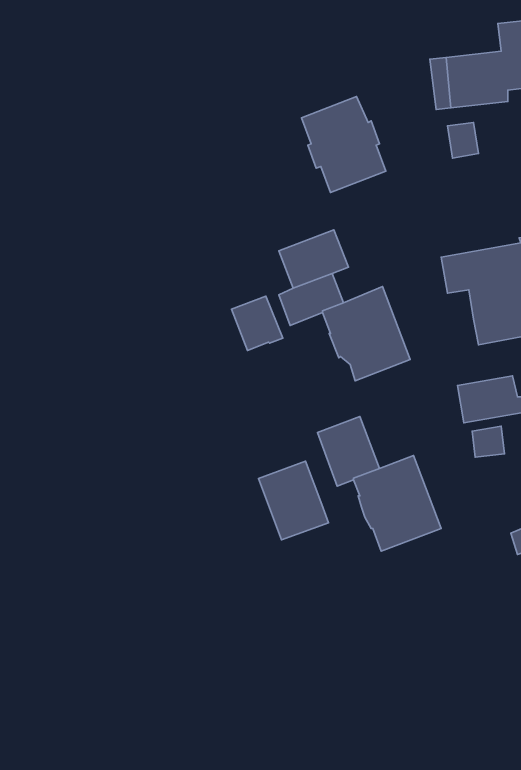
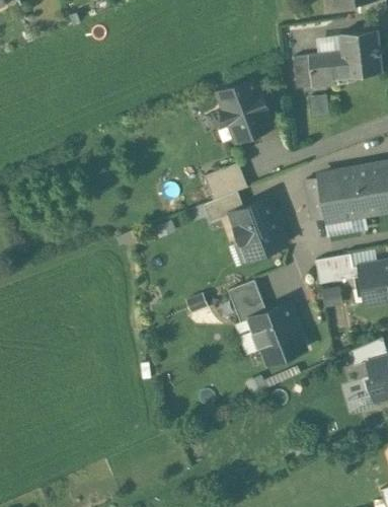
building: [231,296,283,350] -> none
building: [258,461,328,540] -> none

